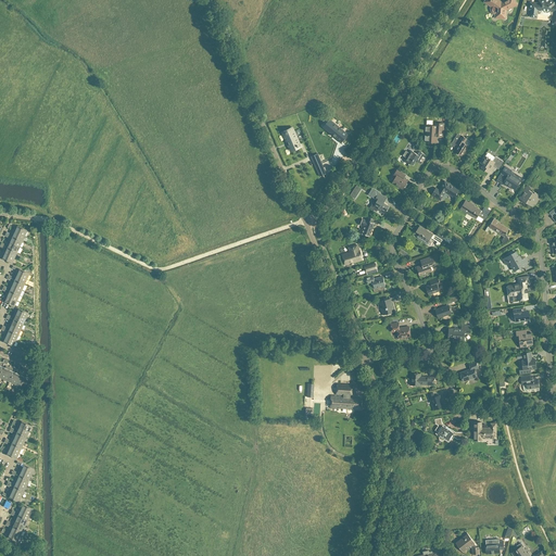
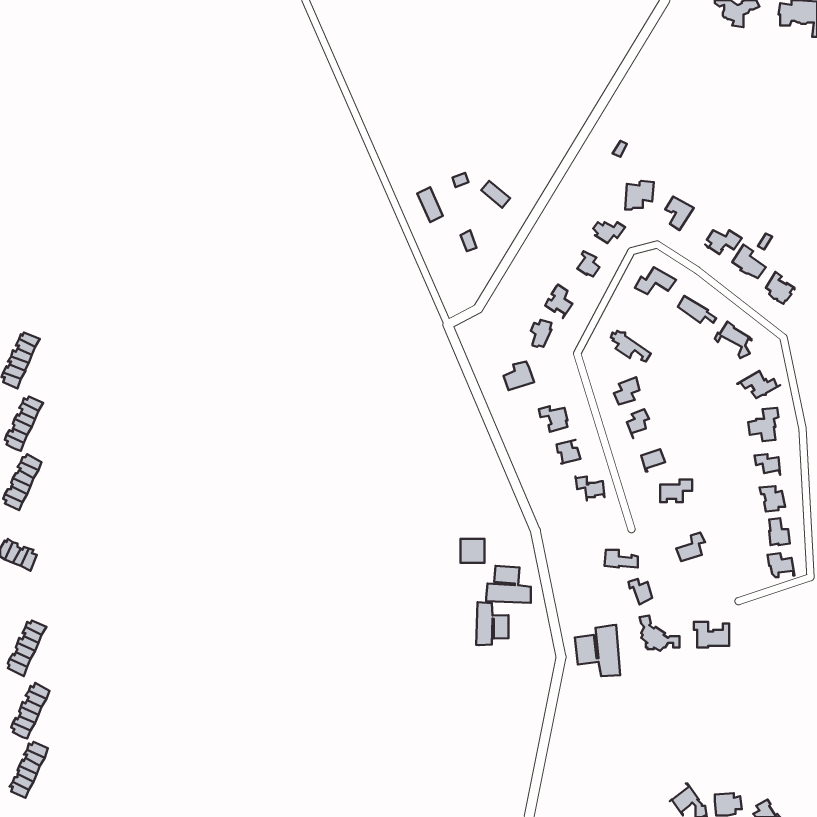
building: none -> [476,602,508,645]
building: none -> [575,625,620,676]

